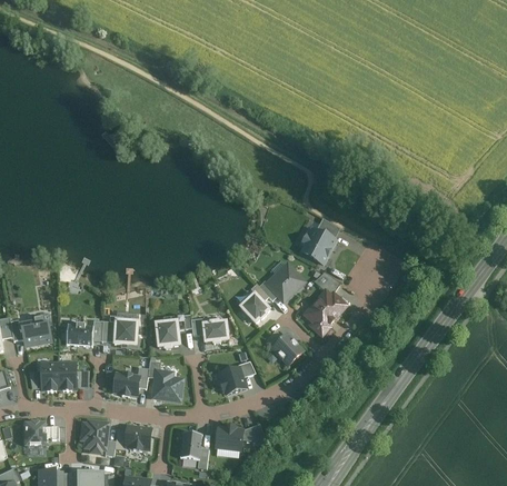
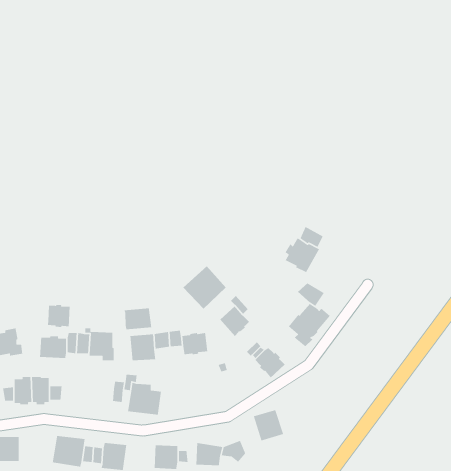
building: [264,262,306,305] -> [183,266,227,309]
building: none -> [47,304,70,328]
building: none -> [123,308,152,330]
building: [218,363,248,394] -> [253,409,284,441]
building: [112,371,137,395] -> none

